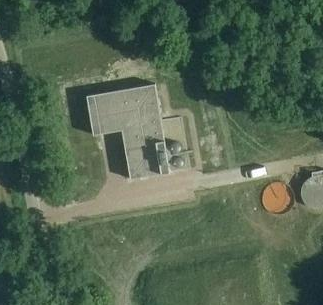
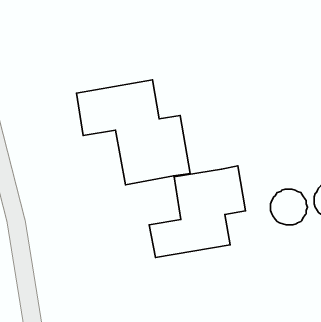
building: none -> [149,166,246,258]

